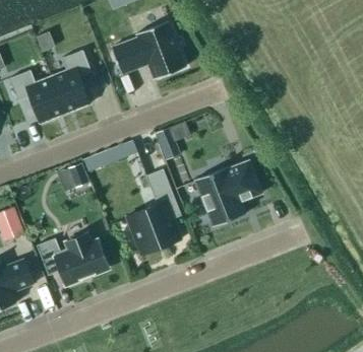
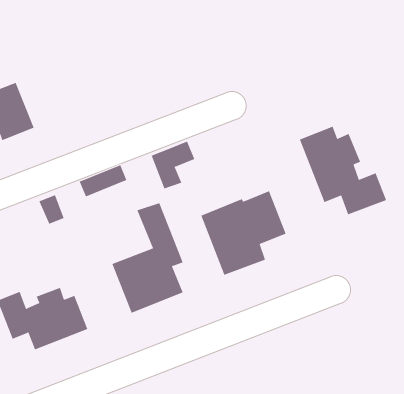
building: [111,18,186,76] -> none
building: [51,49,90,112] -> none
building: none -> [299,126,387,215]

